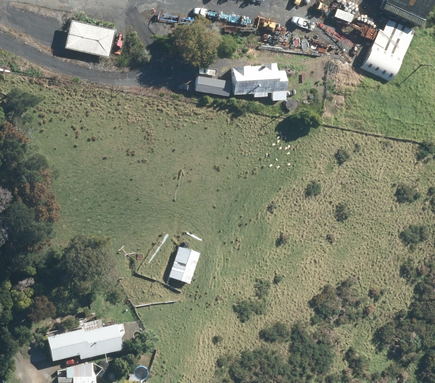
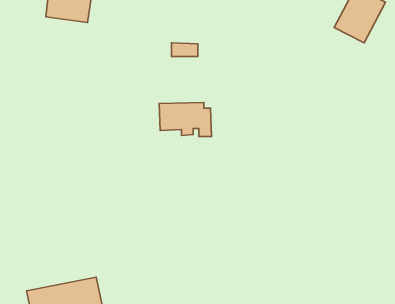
building: [231,65,285,100] -> [159,102,211,136]
building: [171,247,200,283] -> none

